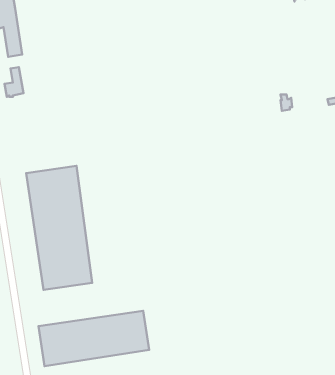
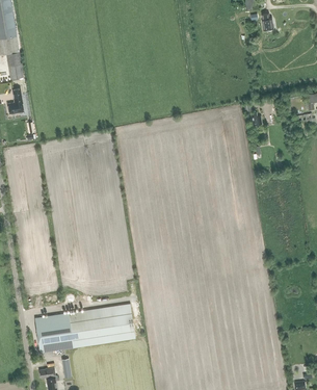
building: [26,166,92,290] -> none

